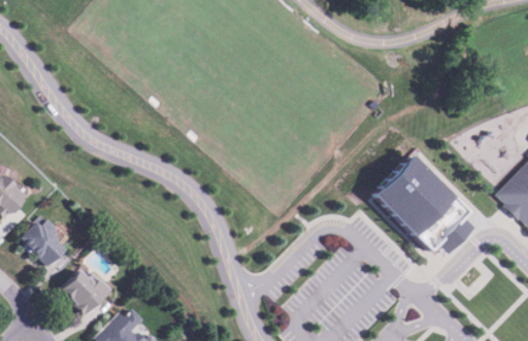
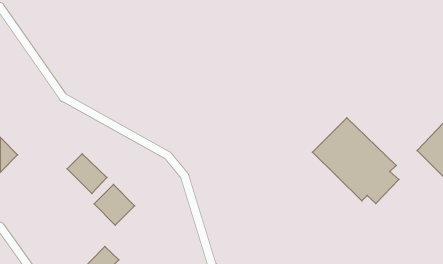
building: [20,220,66,267] -> [67,154,107,193]
building: [61,268,108,315] -> [94,185,135,225]

